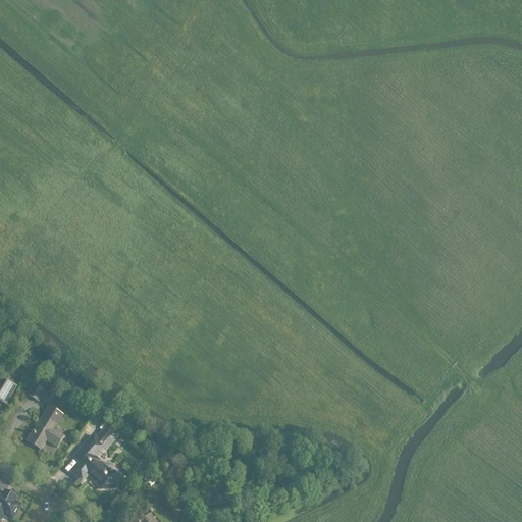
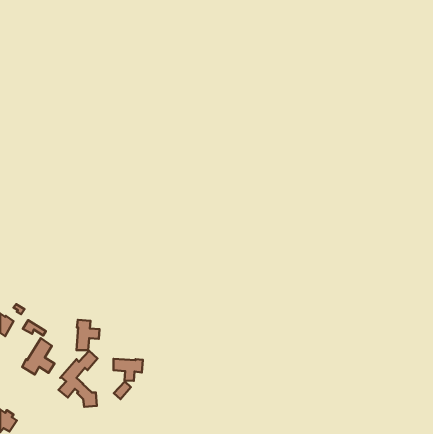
building: none -> [77,320,99,350]
building: none -> [114,359,143,381]

